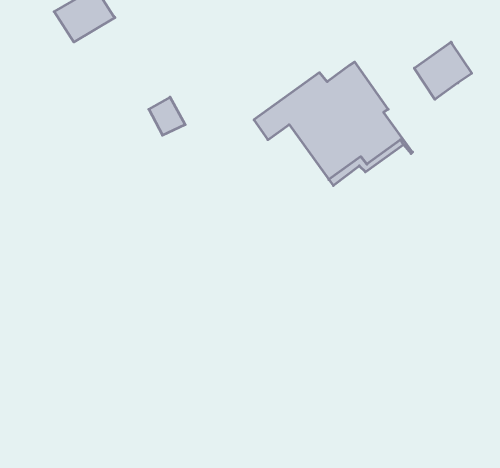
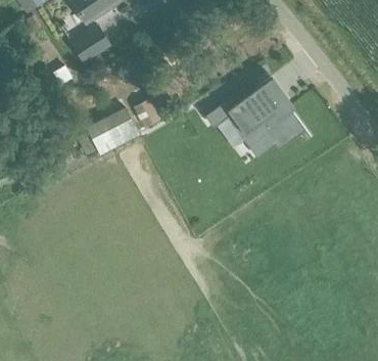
building: [414,42,472,99] -> none
building: none -> [75,106,139,155]

